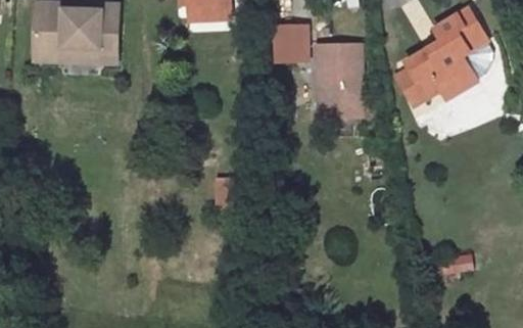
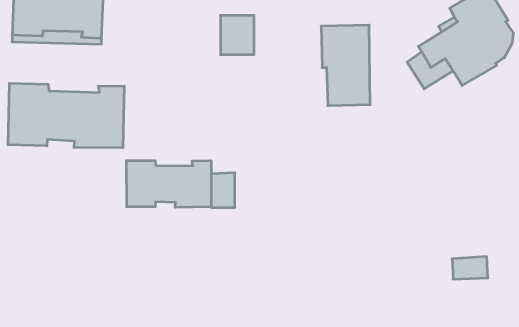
building: [276,25,306,60] -> [220,15,254,55]
building: none -> [8,83,124,148]
building: none -> [126,161,211,207]

